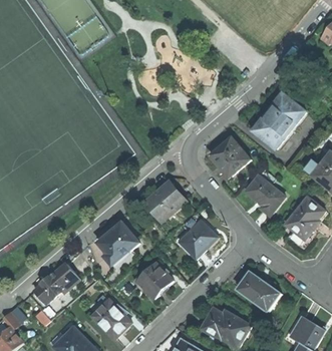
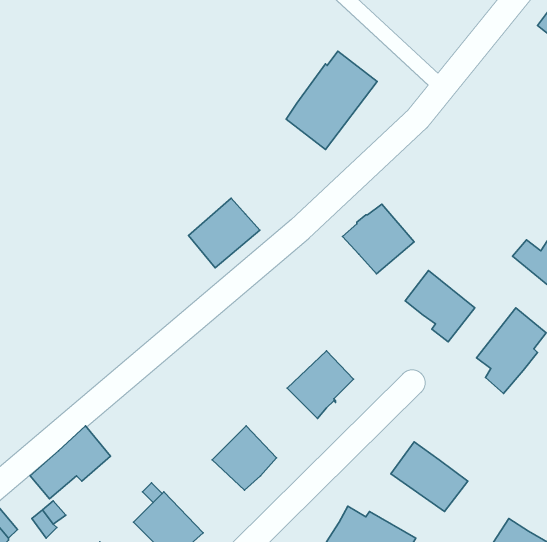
building: [253,93,304,148] -> [286,51,377,149]
building: [144,182,185,221] -> [188,198,260,268]
building: [97,222,137,267] -> none

